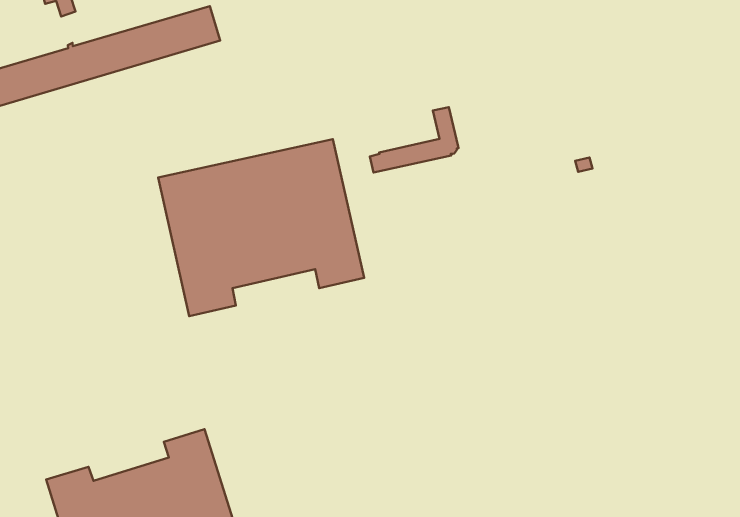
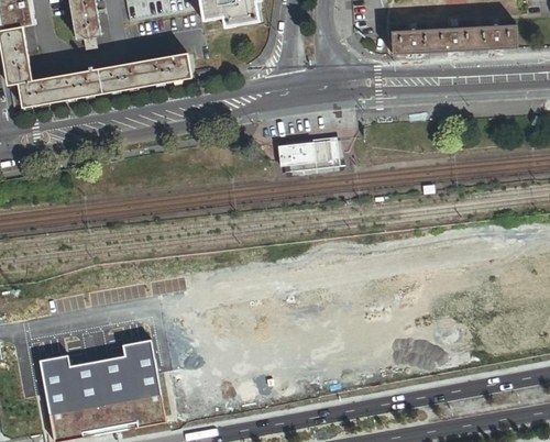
building: none -> [277,140,332,166]
building: [158,139,364,316] -> none

